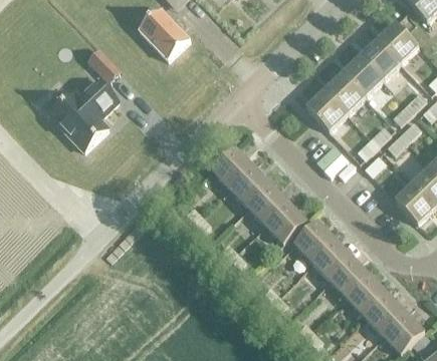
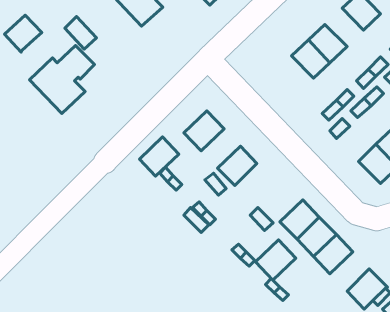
building: [360,39,400,79] -> none
building: none -> [4,15,42,52]
building: [306,89,348,130] -> none
building: [230,165,271,207] -> [139,137,179,176]
building: [265,202,306,244] -> none
building: [294,221,337,263] -> [256,240,296,280]
building: [365,294,406,335] -> none

